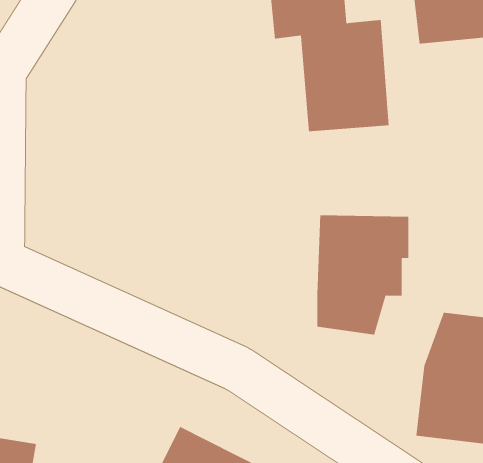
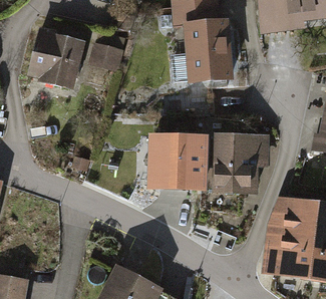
building: none -> [28,26,123,89]
building: none -> [148,135,201,187]

